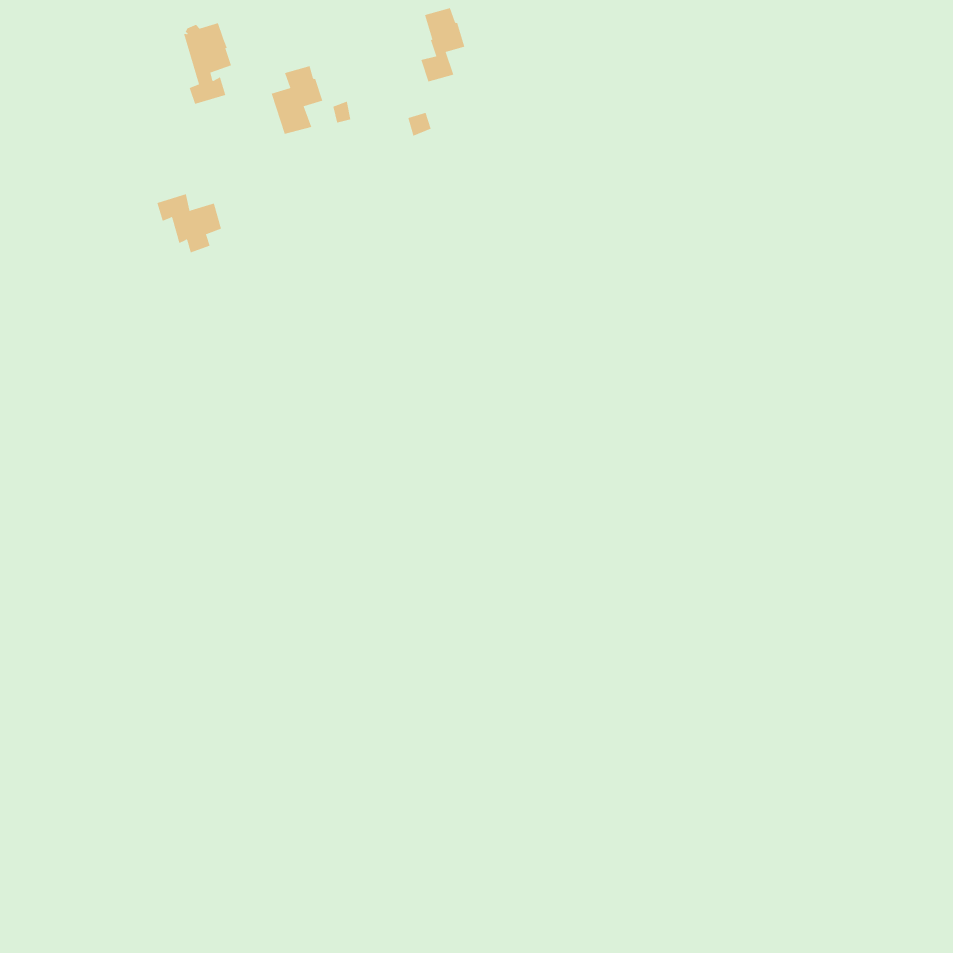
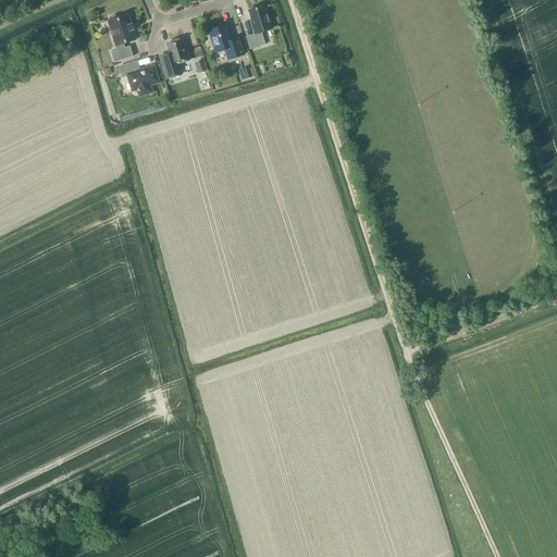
building: none -> [208,24,243,59]
building: [156,193,222,253] -> [119,60,157,95]

